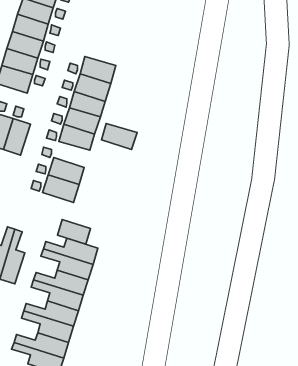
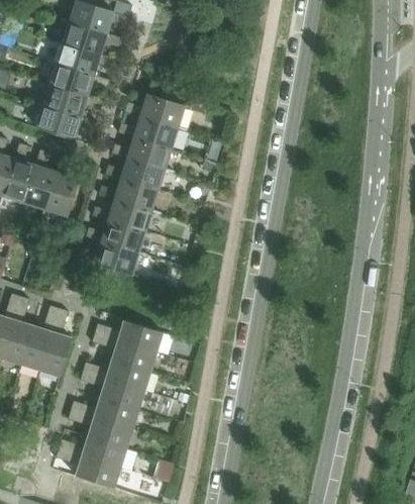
building: [101,124,137,150] -> [108,200,152,232]
building: [57,220,90,244] -> none

